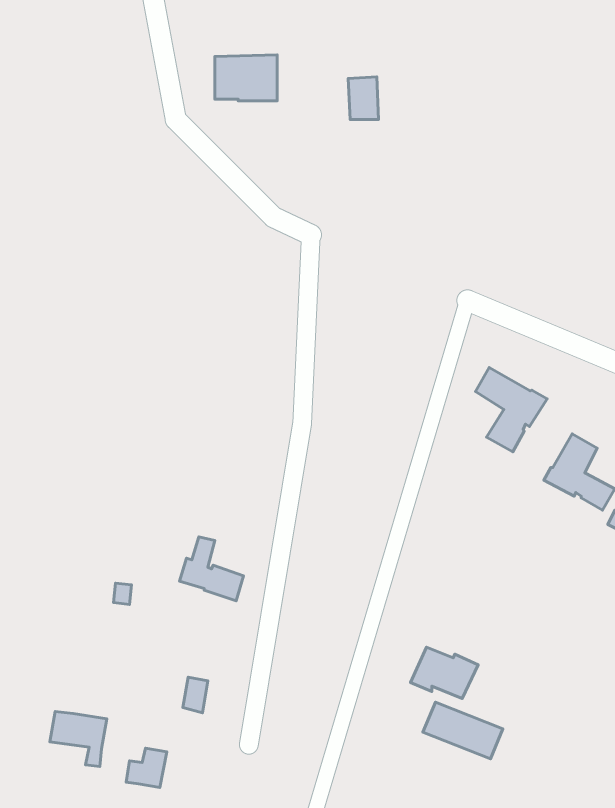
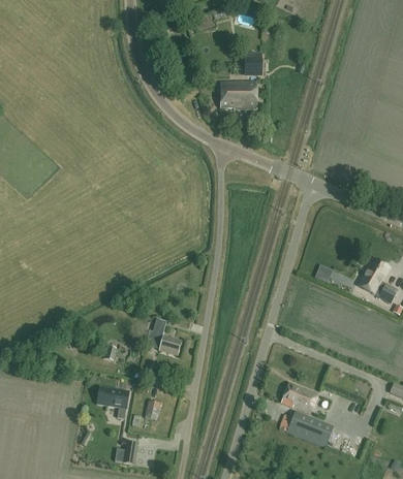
building: [215,55,277,101] -> [221,81,257,107]
building: [475,368,547,452] -> none
building: [50,712,107,767] -> [96,386,129,418]

